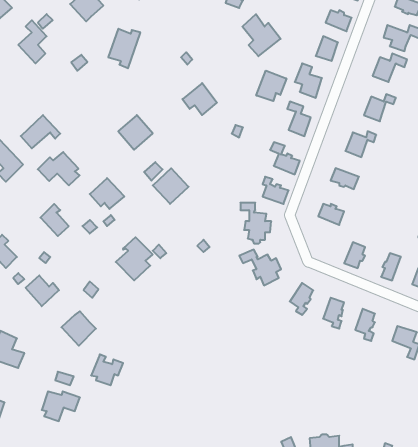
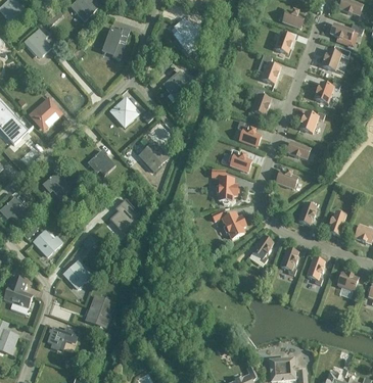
building: [242,14,281,56] -> [174,17,205,52]
building: [256,71,286,101] -> none
building: [38,152,80,185] -> none

